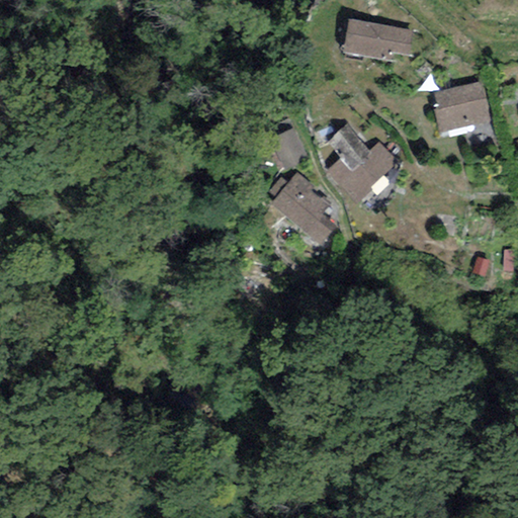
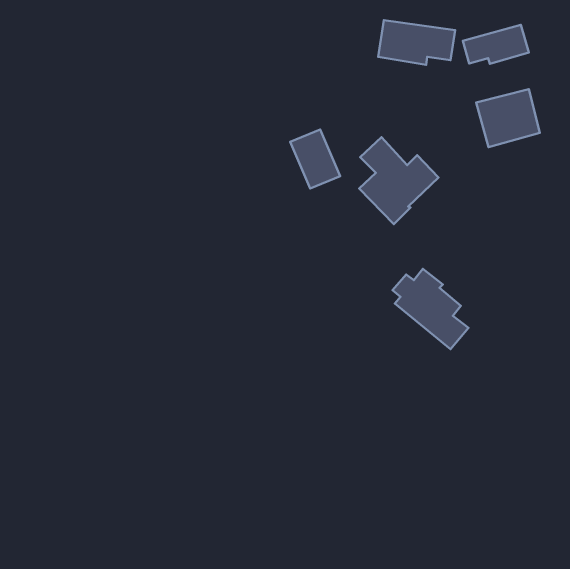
building: none -> [463,25,529,64]
building: [268,172,337,245] -> [393,269,468,349]

